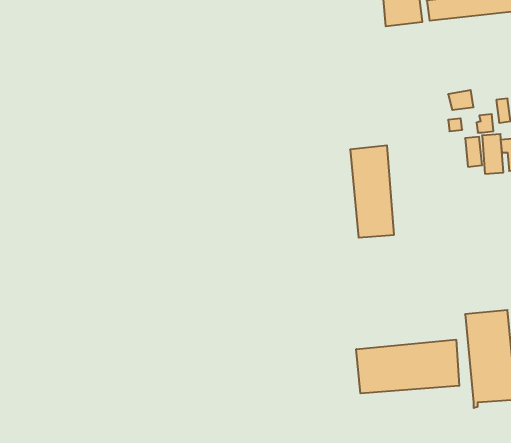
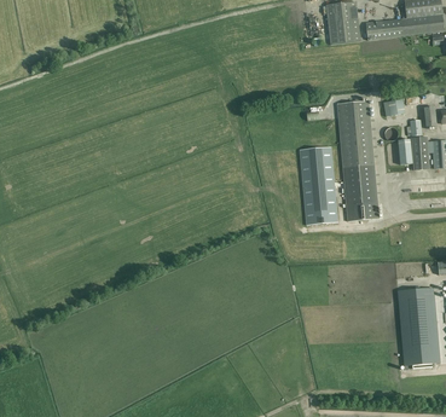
building: none -> [337,102,380,221]
building: [356,340,459,393] -> none

